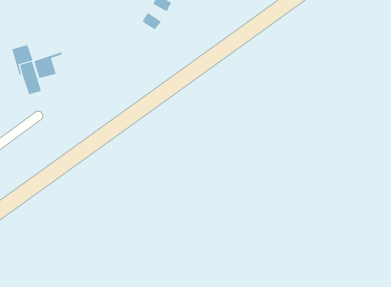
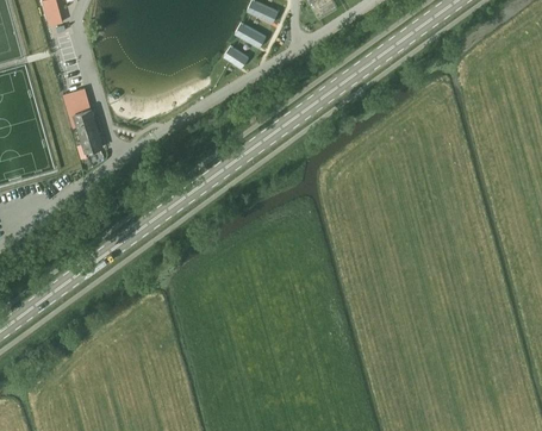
building: [33,52,62,79] -> none

